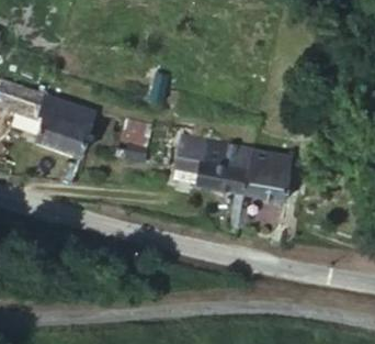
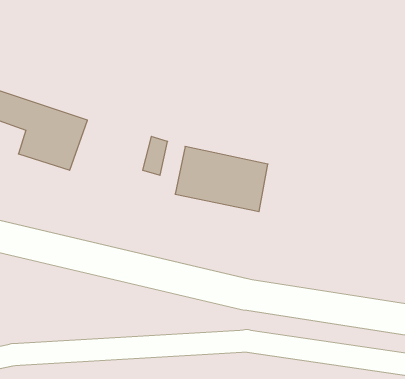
building: [245,149,291,200] -> none

